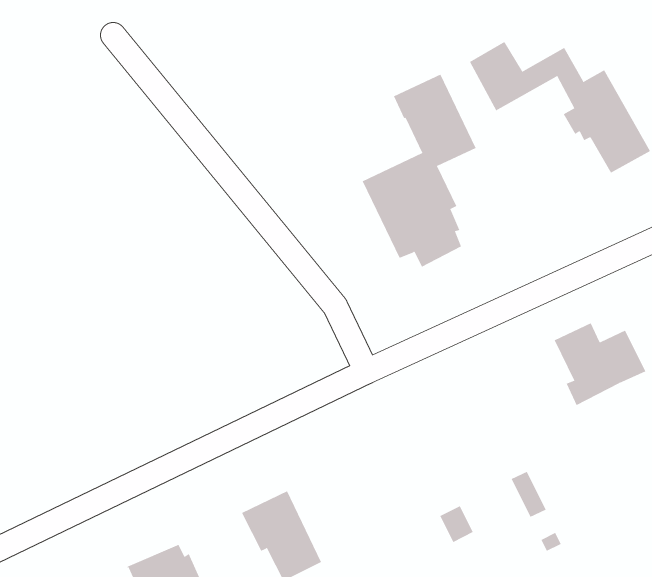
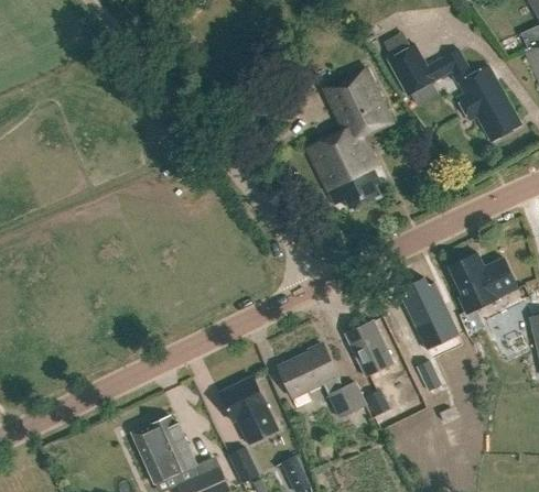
building: none -> [403,280,459,351]
building: none -> [345,320,395,378]
building: none -> [279,343,367,418]

